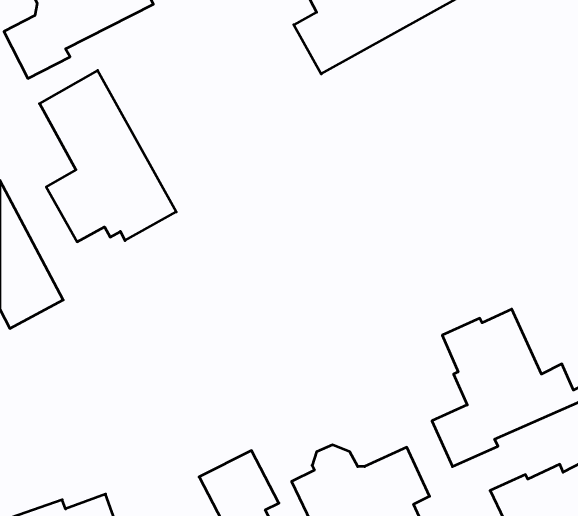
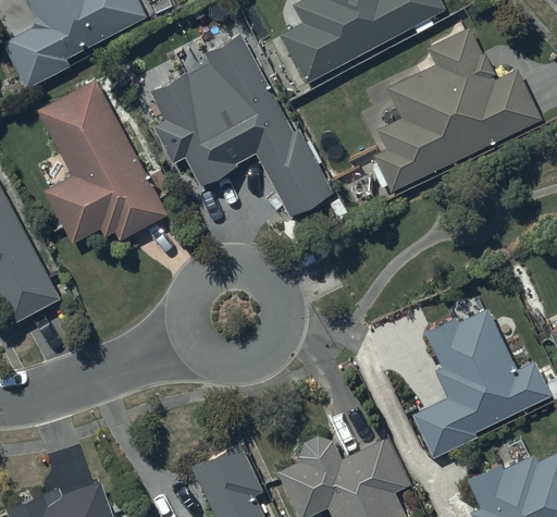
building: none -> [145,28,338,223]
building: none -> [373,28,543,193]

